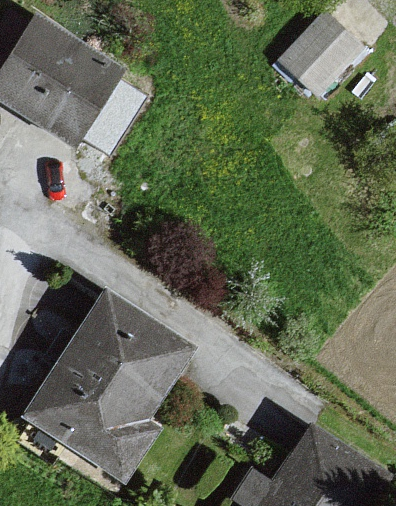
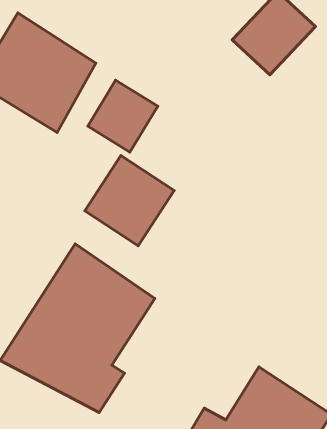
building: none -> [88,80,158,152]
building: none -> [85,155,174,246]

